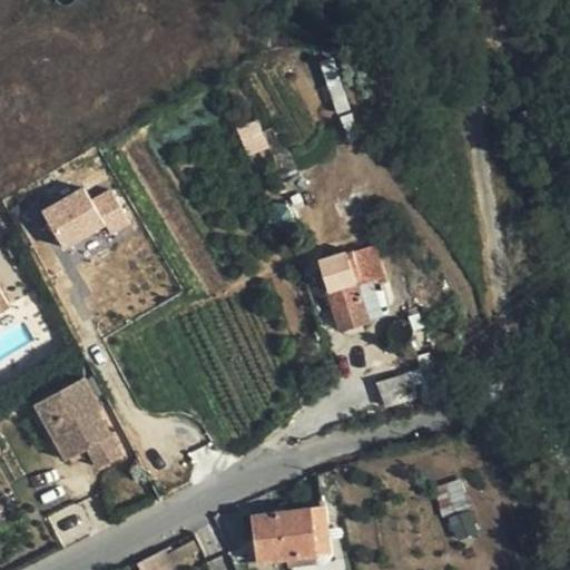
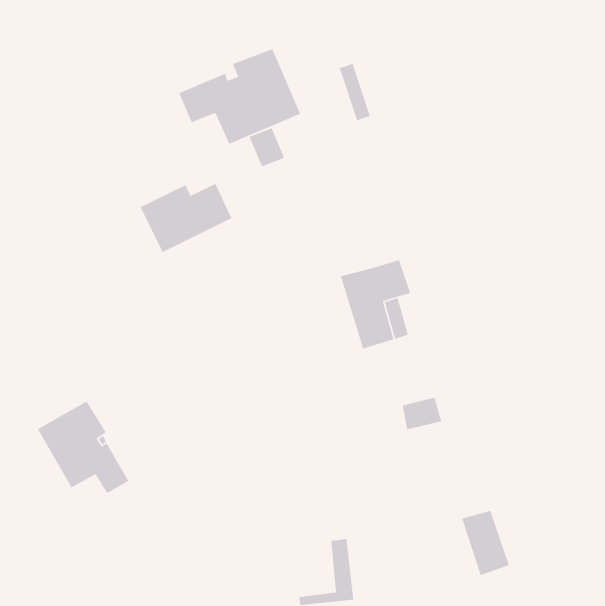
building: none -> [178,48,301,145]
building: [38,188,125,254] -> [140,183,232,253]
building: [252,508,314,562] -> none

